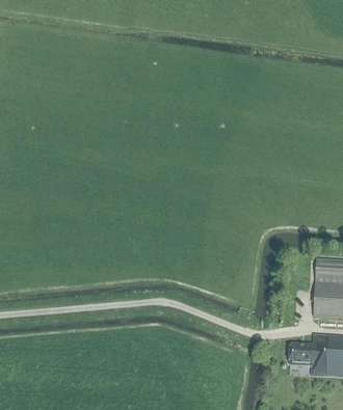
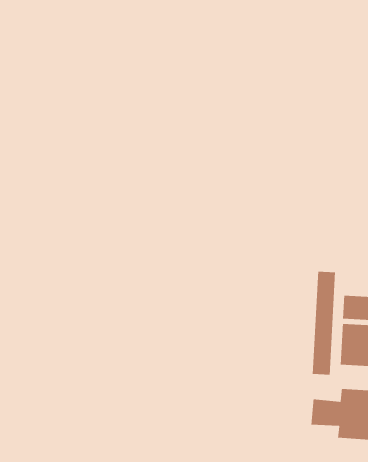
building: none -> [312,271,336,375]

